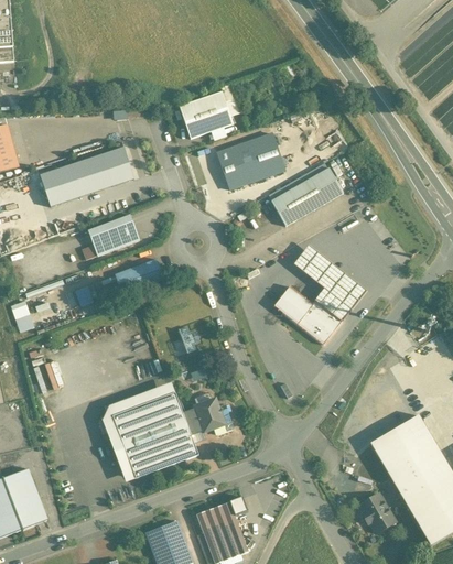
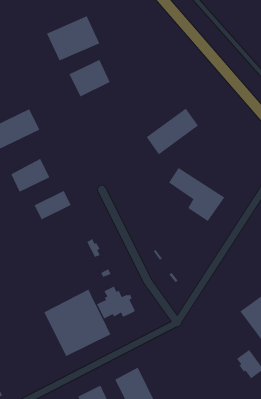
building: [215,133,284,189] -> [46,16,100,61]
building: [274,285,342,345] -> none
building: [103,382,175,482] -> none

